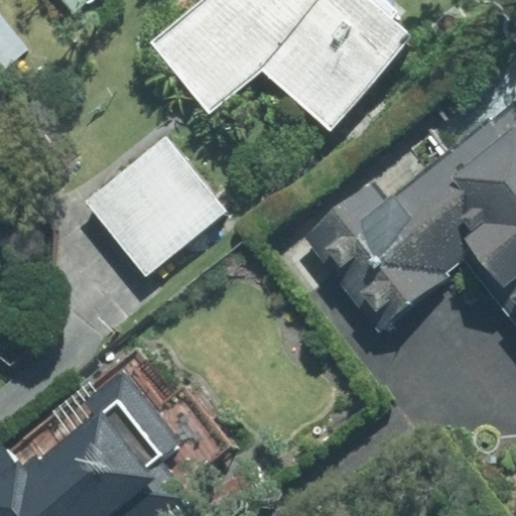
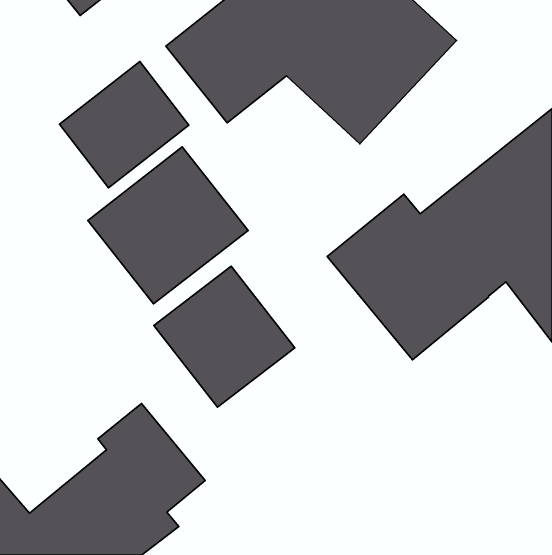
building: none -> [59,61,189,188]
building: none -> [154,266,295,407]

